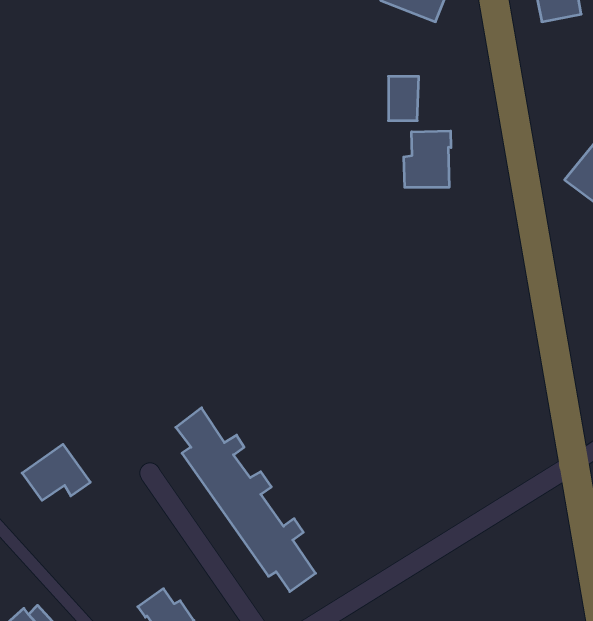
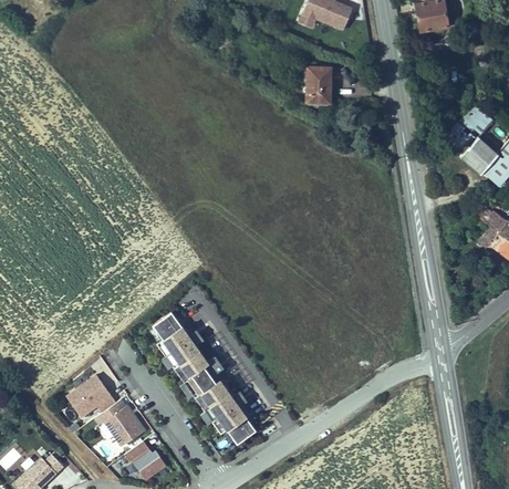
building: [404,131,451,187] -> none
building: [22,444,90,500] -> [67,376,117,417]
building: none -> [105,407,144,447]

